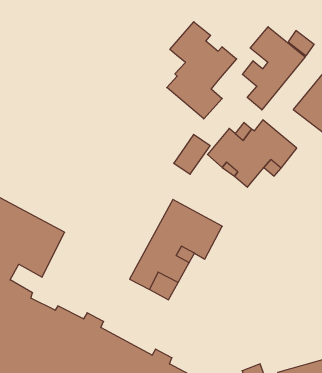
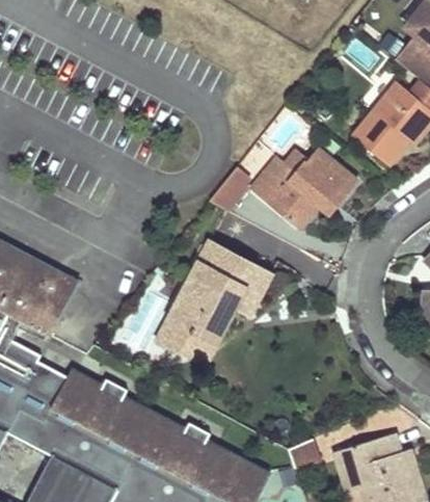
building: [167,22,237,119] -> none
building: [242,27,305,110] -> none

